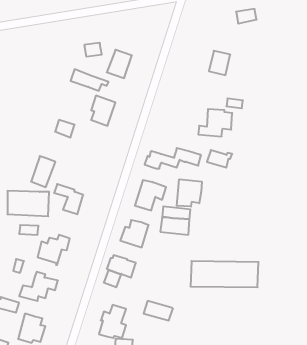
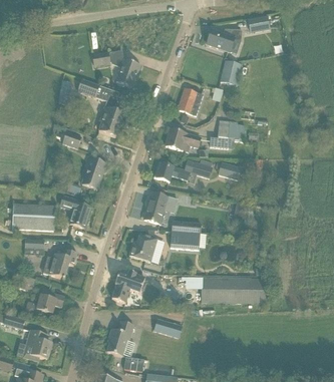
building: none -> [207,28,241,51]
building: none -> [178,87,203,114]
building: none -> [165,128,200,151]
building: [31,156,55,187] -> [81,157,106,189]
building: [177,179,202,207] -> none

